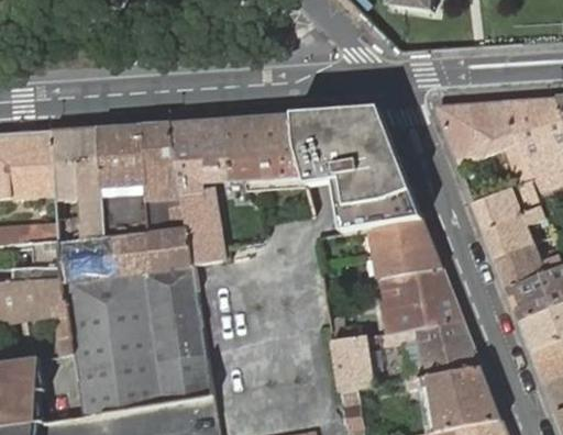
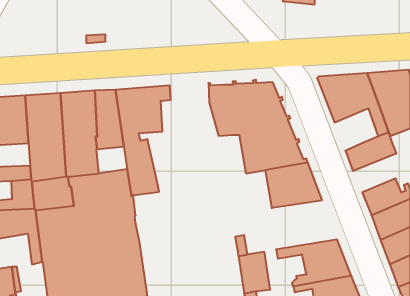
building: [230,114,306,185] -> none
building: [145,198,186,233] -> none
building: [483,207,547,258] -> none
building: [377,268,462,334] -> none

